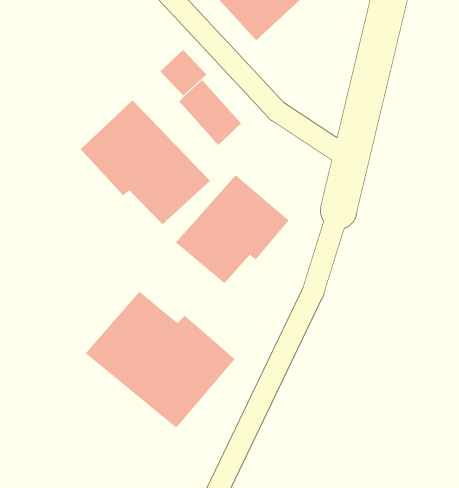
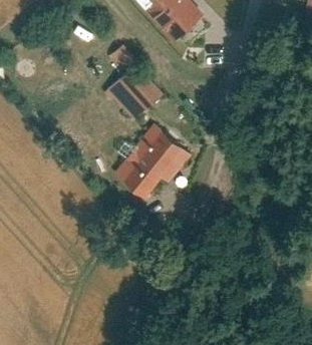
building: [80,100,211,225] -> none
building: [85,291,236,429] -> none

